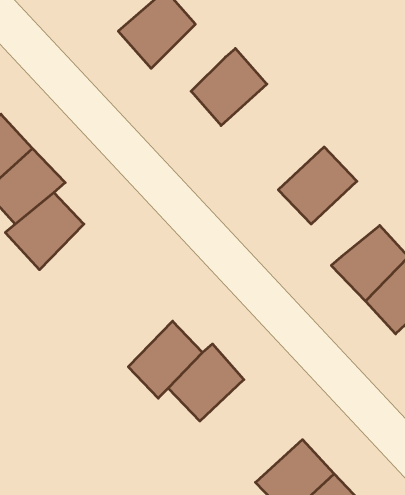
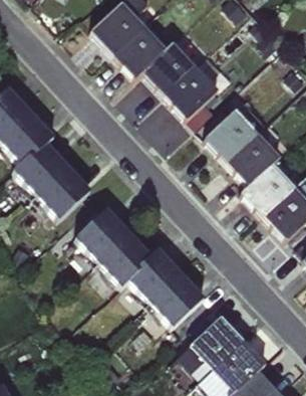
building: none -> [114,23,167,77]
building: none -> [164,65,218,119]
building: none -> [227,134,282,187]
building: none -> [36,164,89,219]
building: none -> [75,208,129,264]
building: none -> [148,273,203,327]

